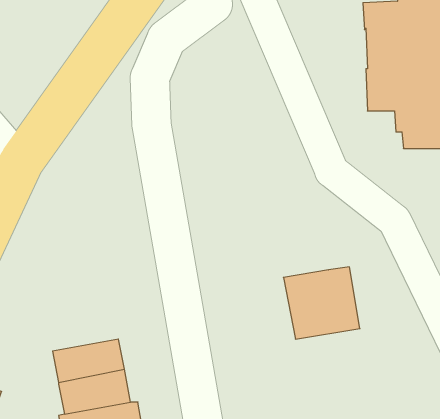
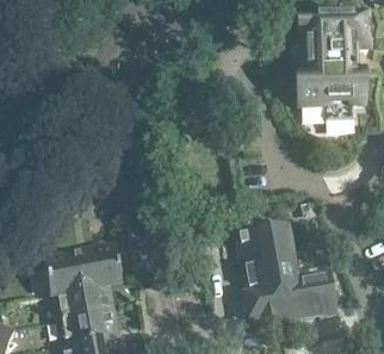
building: none -> [42,246,120,297]
building: none -> [242,272,336,331]

